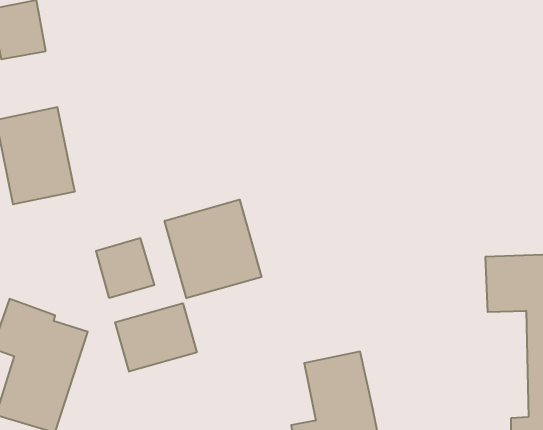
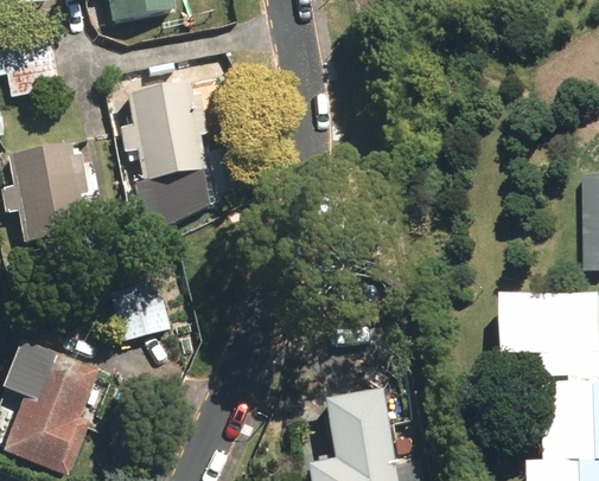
building: none -> [123,82,210,211]
building: [165,200,262,298] -> none
building: [115,303,197,372] -> none

